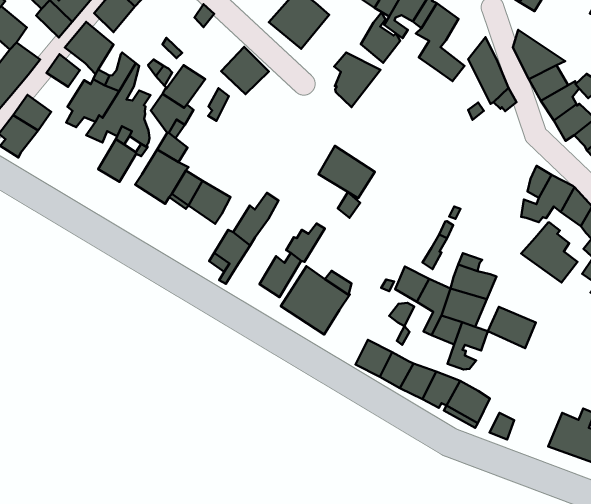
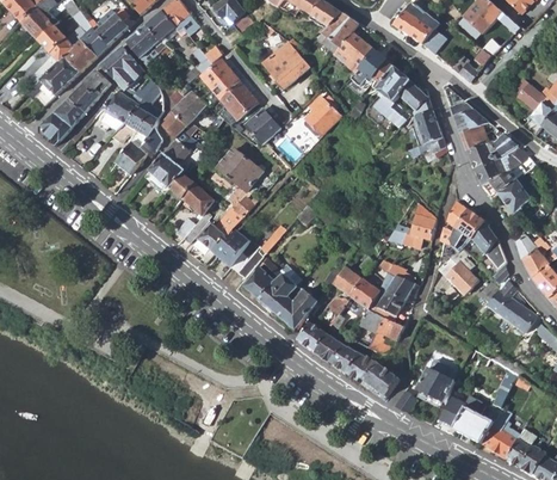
building: [361,12,400,63] -> [398,73,429,112]
building: none -> [64,37,98,72]
building: none -> [202,60,241,98]
building: none -> [68,82,100,113]
building: none -> [246,109,279,143]
building: [318,146,375,198] -> [218,147,262,190]
building: none -> [400,203,437,247]
building: none -> [213,229,250,267]
building: none -> [276,290,317,330]
building: [488,307,536,348] -> [416,367,454,401]

